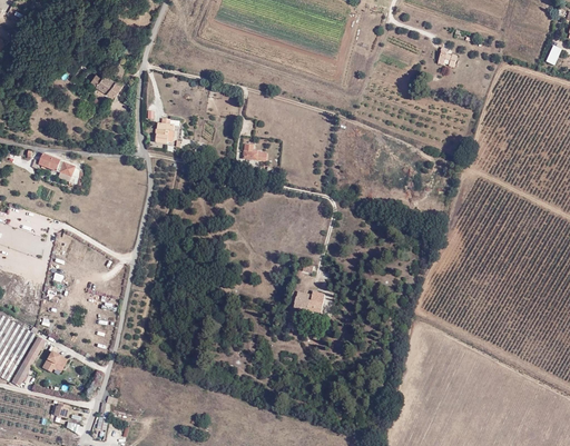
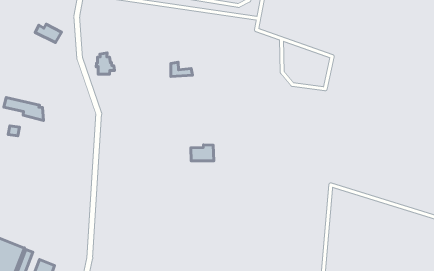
building: [293,291,322,313] -> [191,145,214,161]

